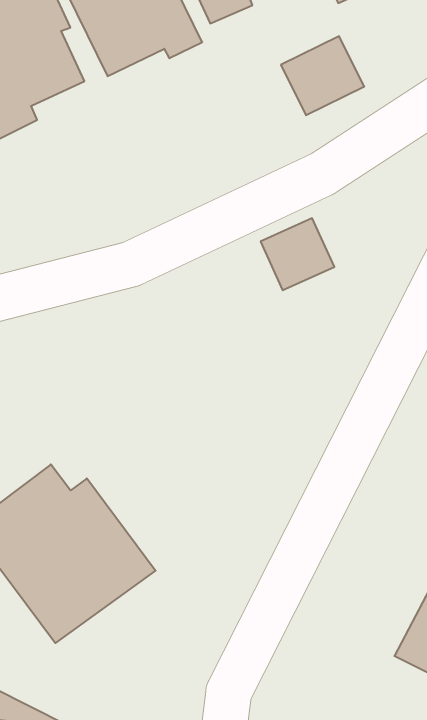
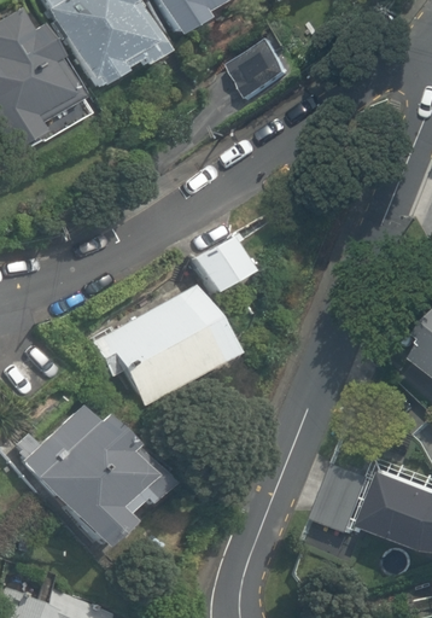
building: [261,218,334,290] -> [198,234,259,295]
building: none -> [94,281,241,407]

